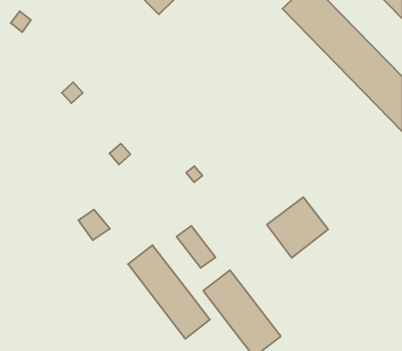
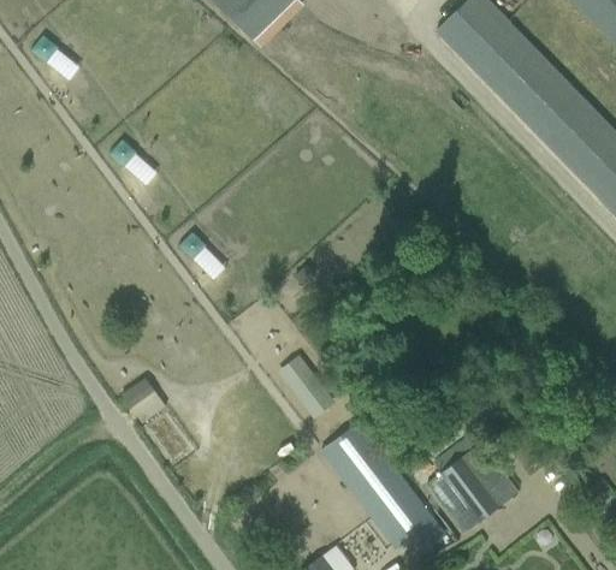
building: [267,197,328,258] -> [426,443,517,533]
building: [78,210,110,240] -> [122,378,168,423]
building: [128,245,210,339] -> none

